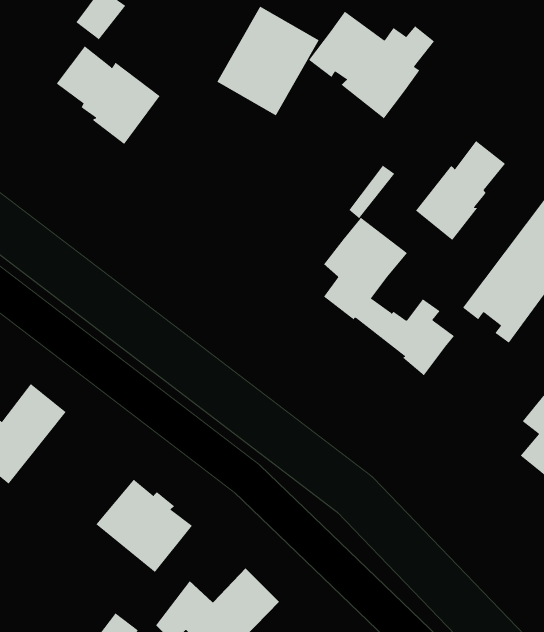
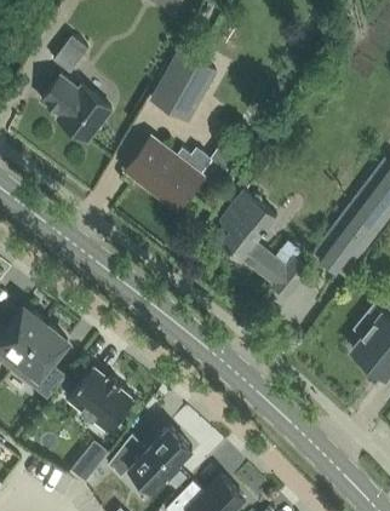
building: [308,11,435,119] -> [126,139,211,212]
building: [415,140,506,241] -> none
building: none -> [10,322,71,400]

